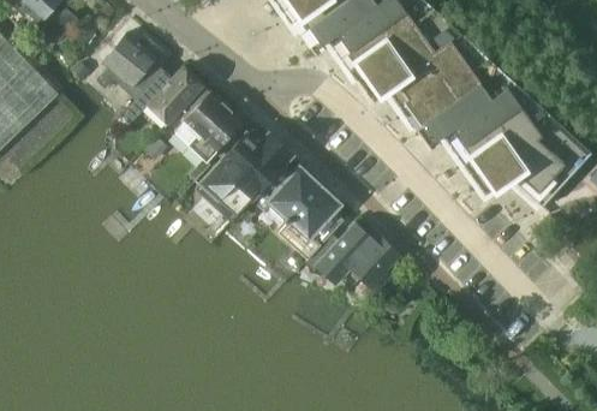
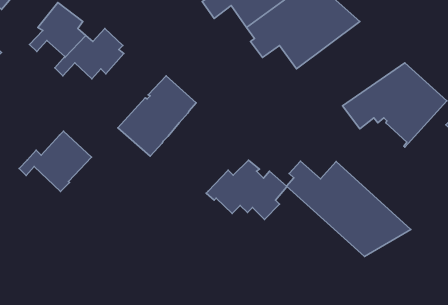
building: [411,56,541,157] -> none
building: [156,90,243,162] -> [19,131,91,191]
building: [250,166,342,260] -> none
building: none -> [286,161,411,257]

